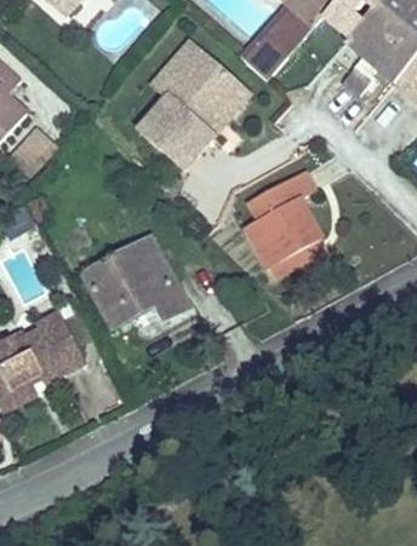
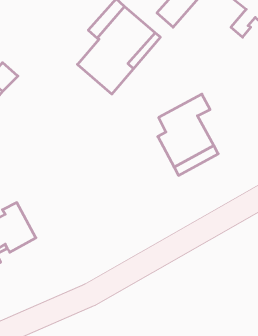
building: [84,234,187,323] -> none

